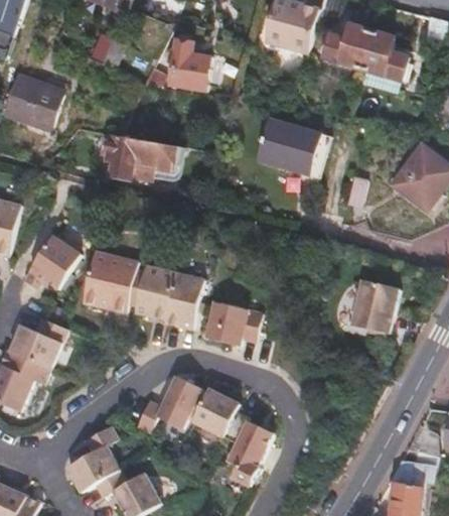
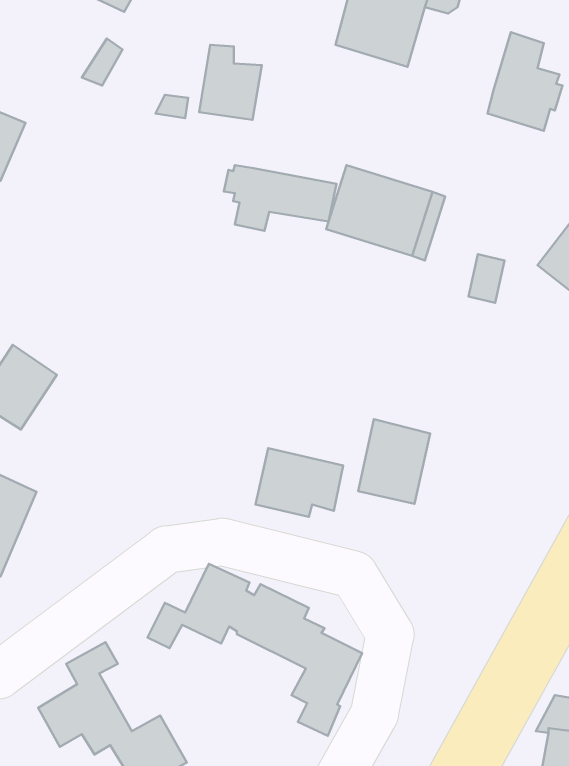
building: [320,27,371,71] -> none
building: [103,136,175,178] -> [224,165,336,231]
building: [82,250,205,330] -> none
building: [352,277,399,332] -> [358,419,430,504]

